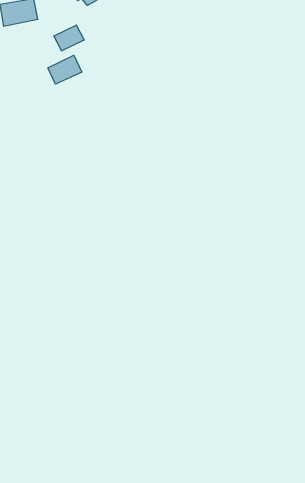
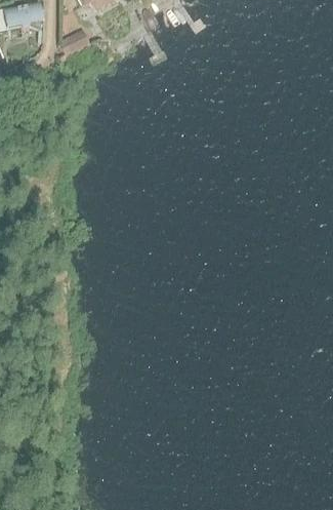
building: [48,55,82,84] -> none

